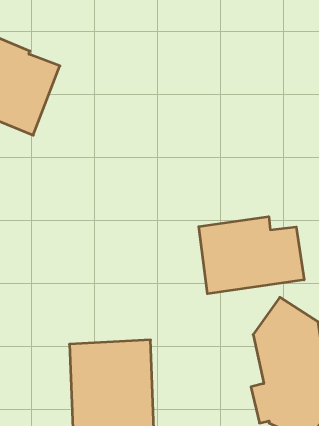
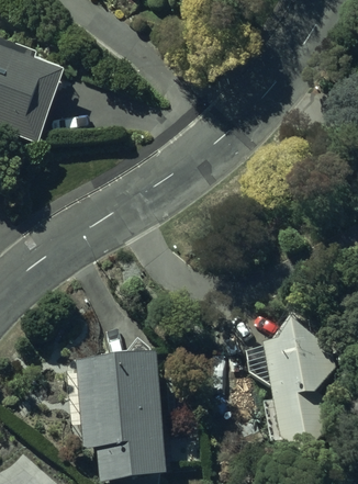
building: [199,217,304,294] -> none

